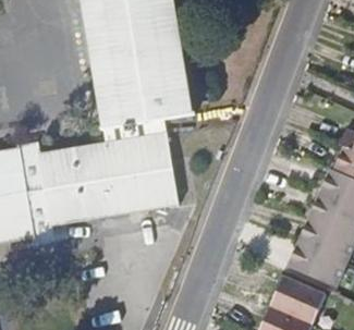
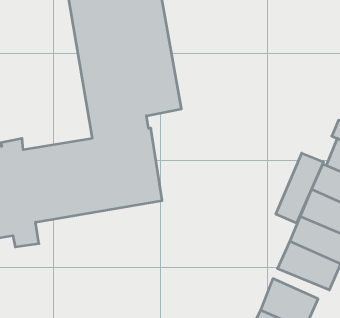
building: none -> [276,153,323,223]

